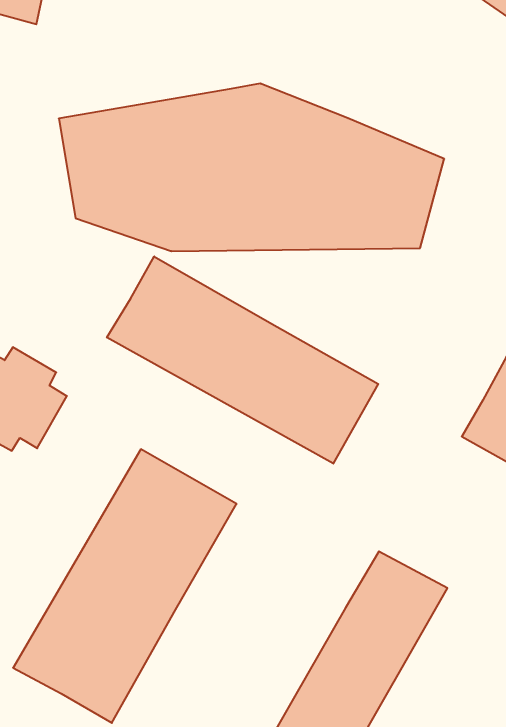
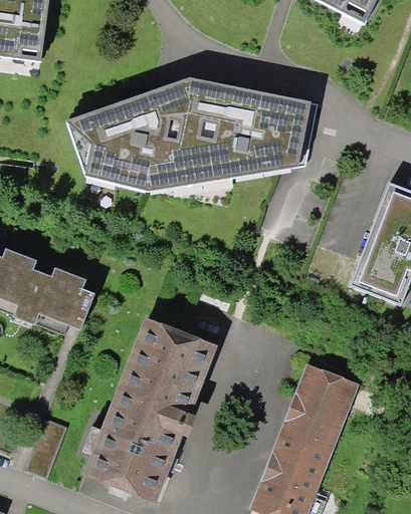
building: [107,256,378,464] -> none

